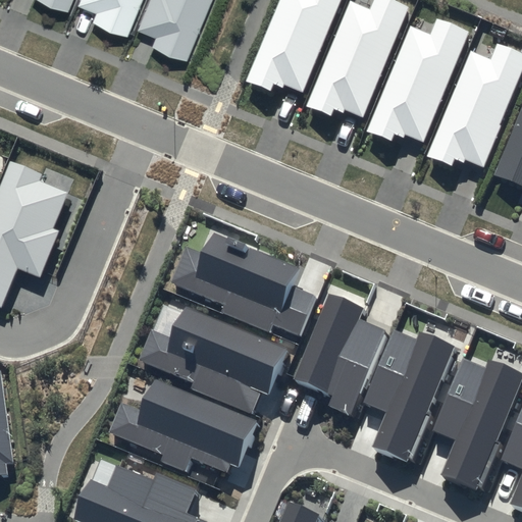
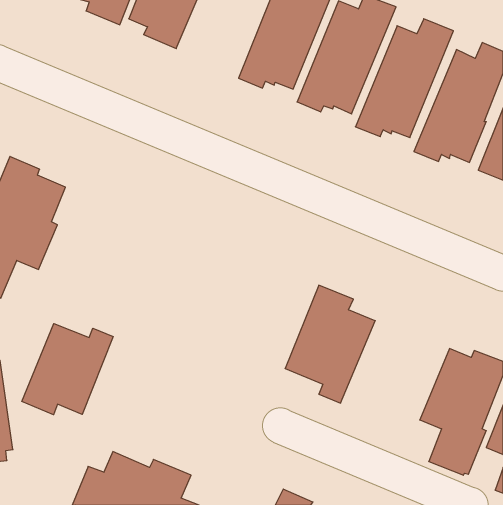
building: [170,233,316,335] -> none
building: [139,308,288,414] -> none
building: [363,330,454,462] -> none
building: none -> [22,324,113,415]
building: [109,380,257,472] -> none

